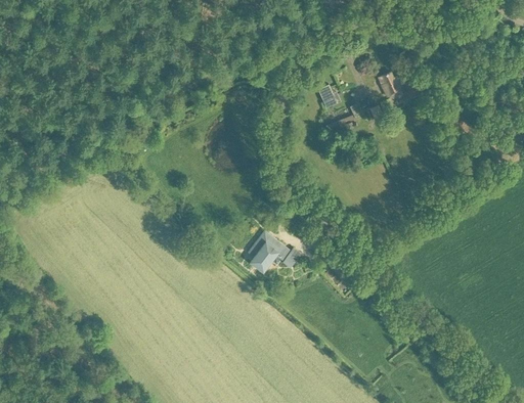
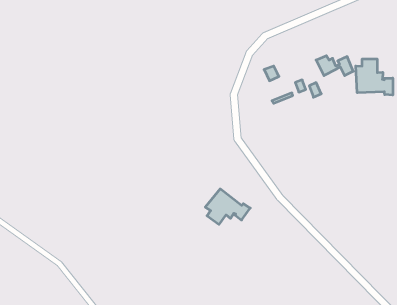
building: none -> [356,59,393,95]

